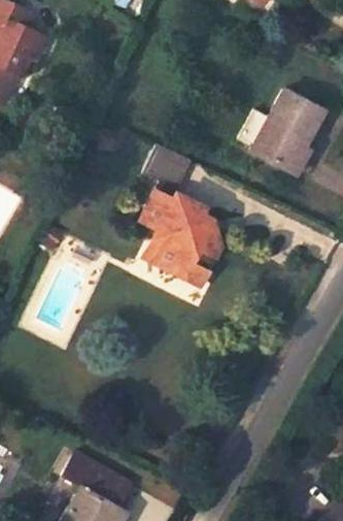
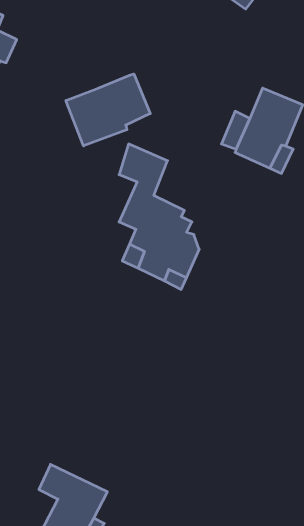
building: none -> [66,74,150,146]

